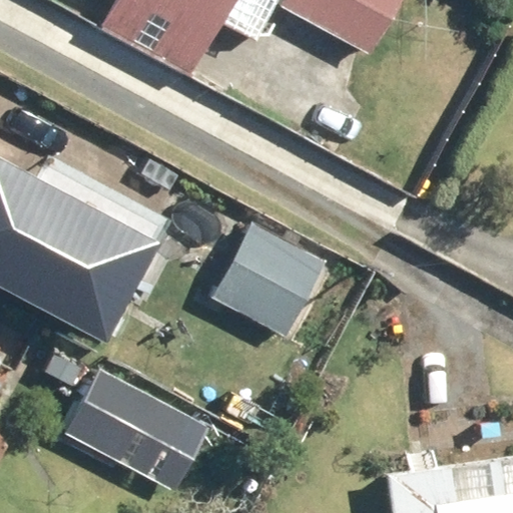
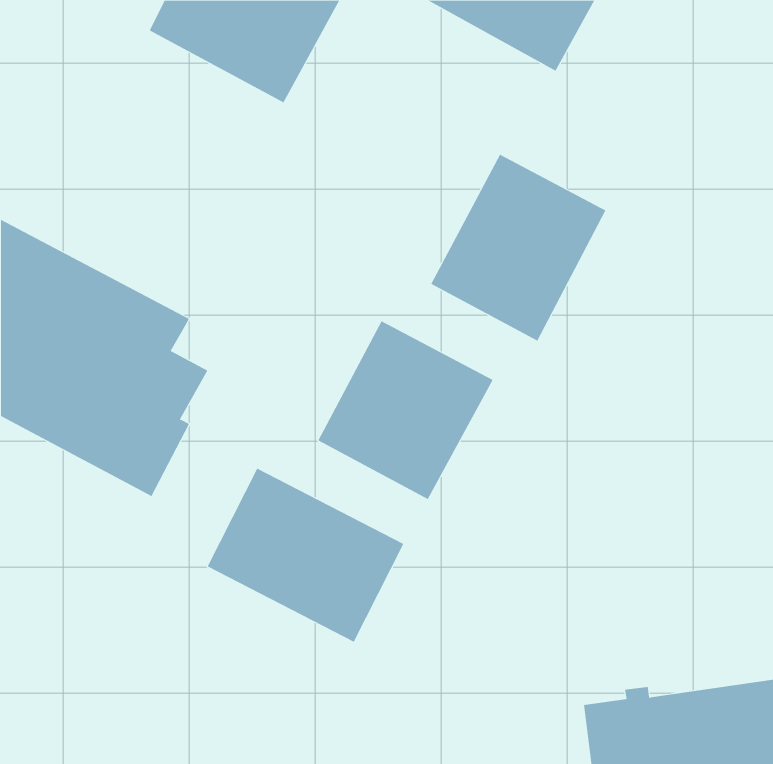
building: none -> [431,154,606,342]
building: [67,370,197,485] -> [207,468,404,642]

